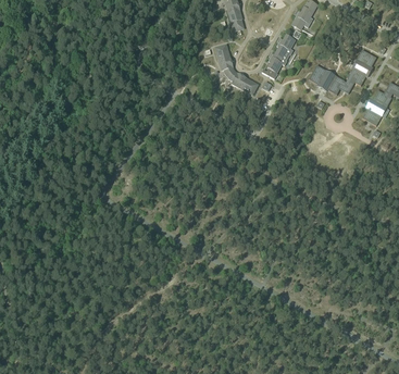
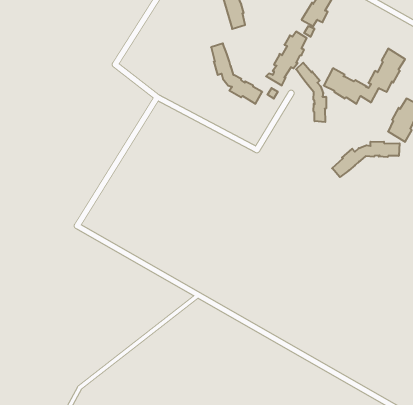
building: none -> [296,63,326,122]
building: none -> [332,142,400,177]

